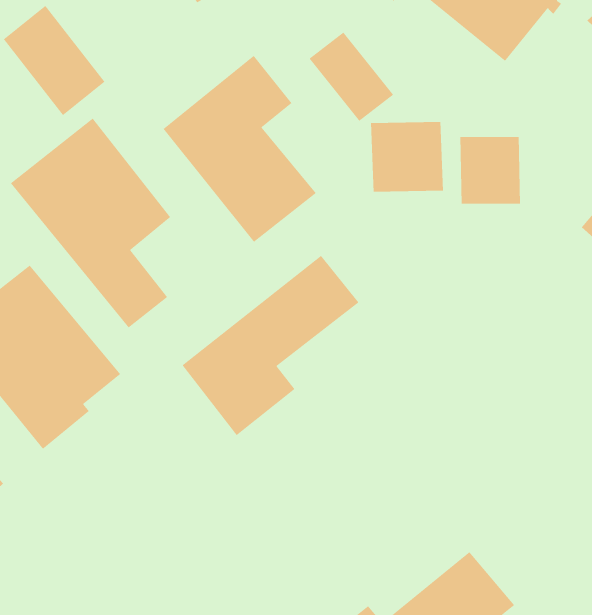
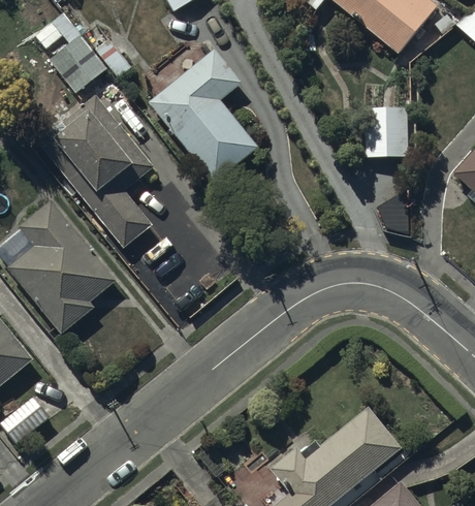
building: [309,32,394,122] -> none
building: [370,121,444,192] -> none
building: [182,255,359,436] -> none

